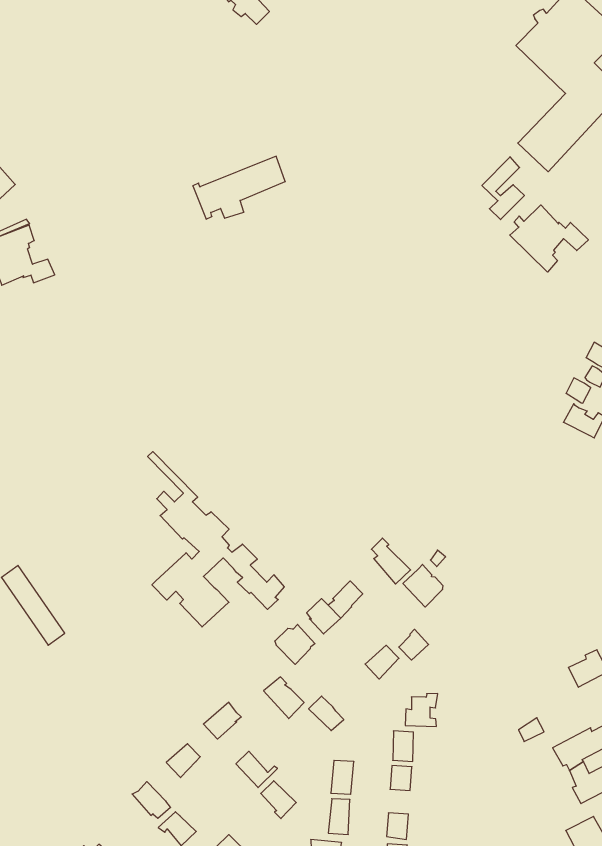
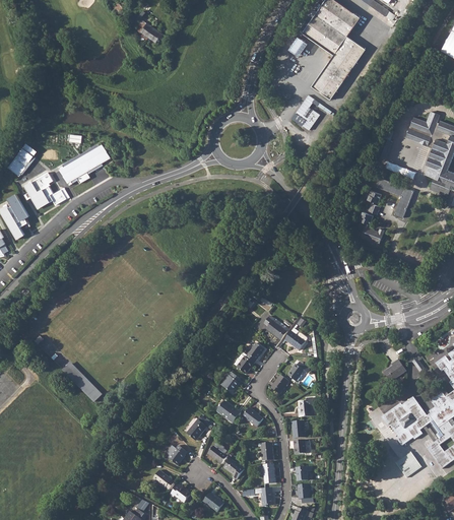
building: [193,156,285,219] -> [59,144,110,185]
building: [510,205,588,272] -> none
building: [148,452,284,627] -> none

